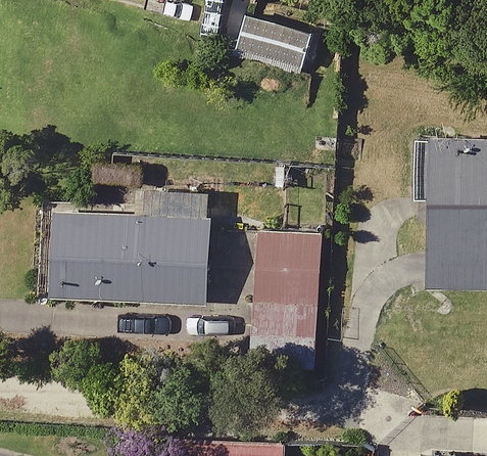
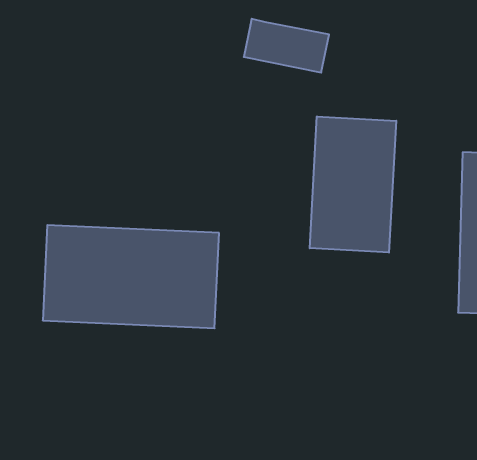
building: none -> [310,116,396,253]
building: [253,234,320,368] -> none

